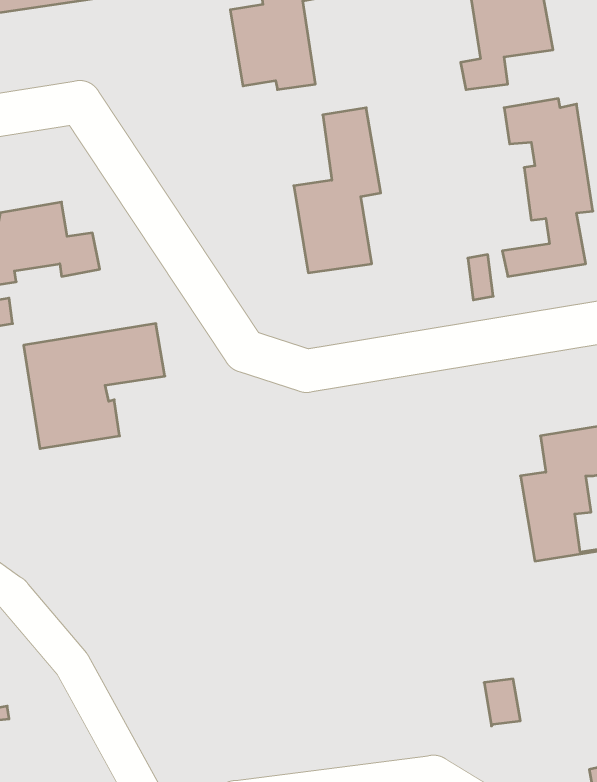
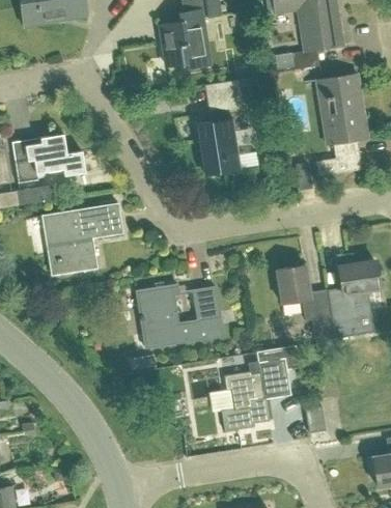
building: none -> [275,266,334,342]
building: none -> [135,285,222,347]
building: none -> [222,346,298,429]

